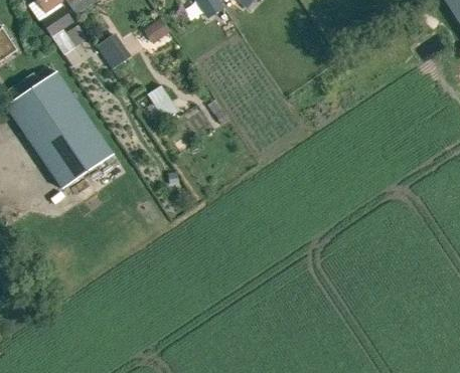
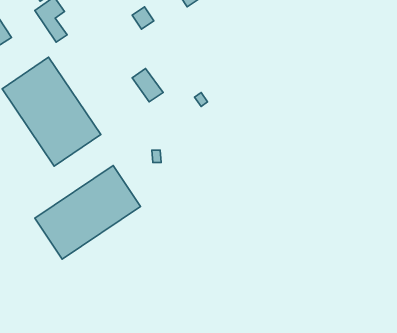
building: [98,32,132,68] -> none
building: none -> [35,165,141,259]

